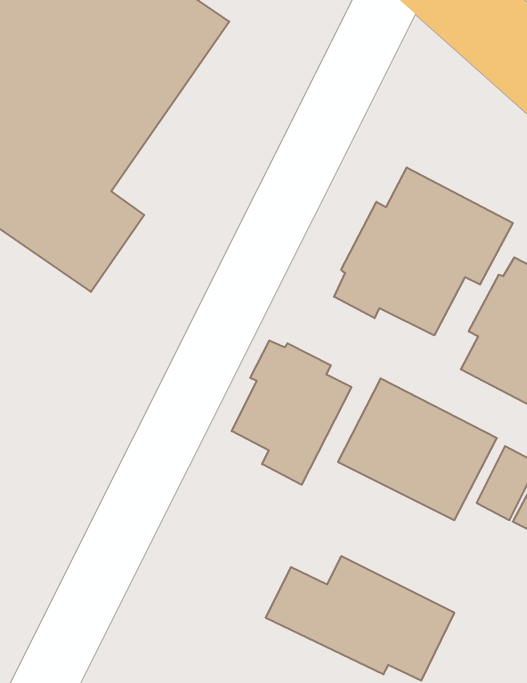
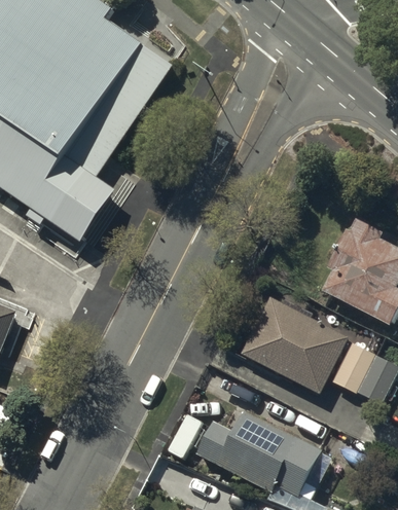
building: [334,167,513,335] -> none
building: [232,340,351,485] -> none

